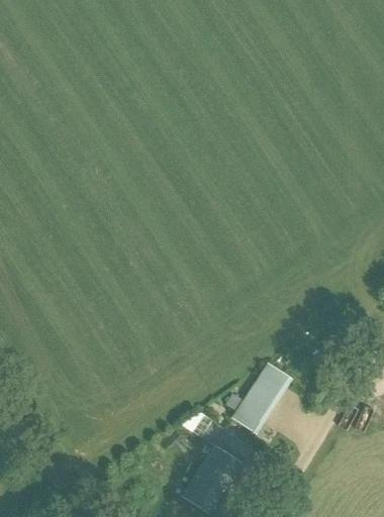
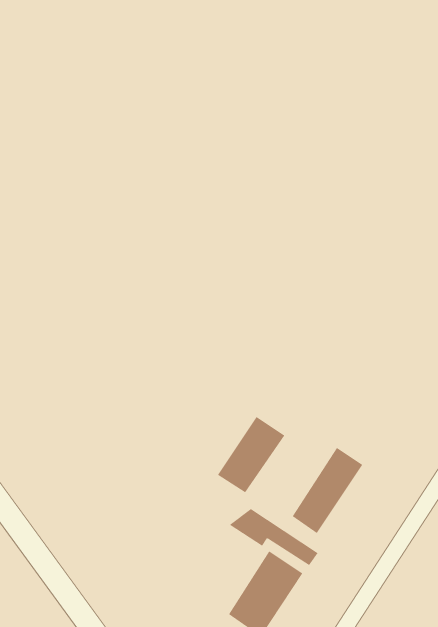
building: none -> [217,416,285,493]

